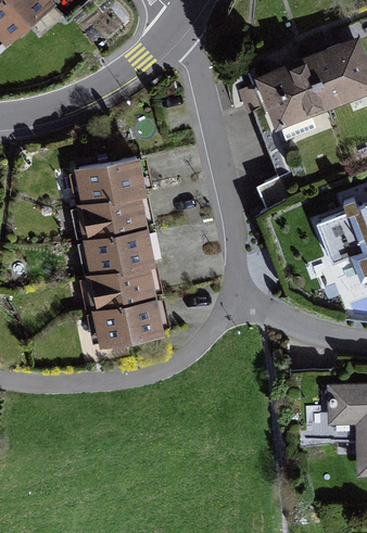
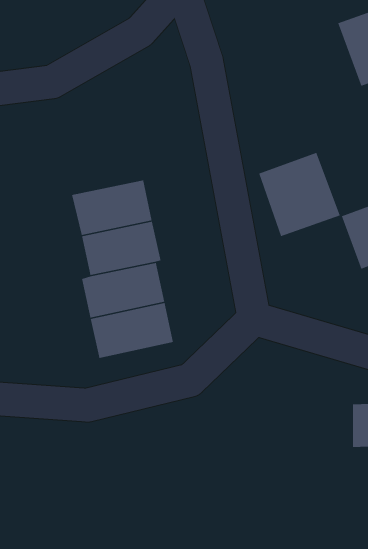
building: [260,54,331,128] -> [258,152,341,237]
building: [78,155,149,202] -> none

